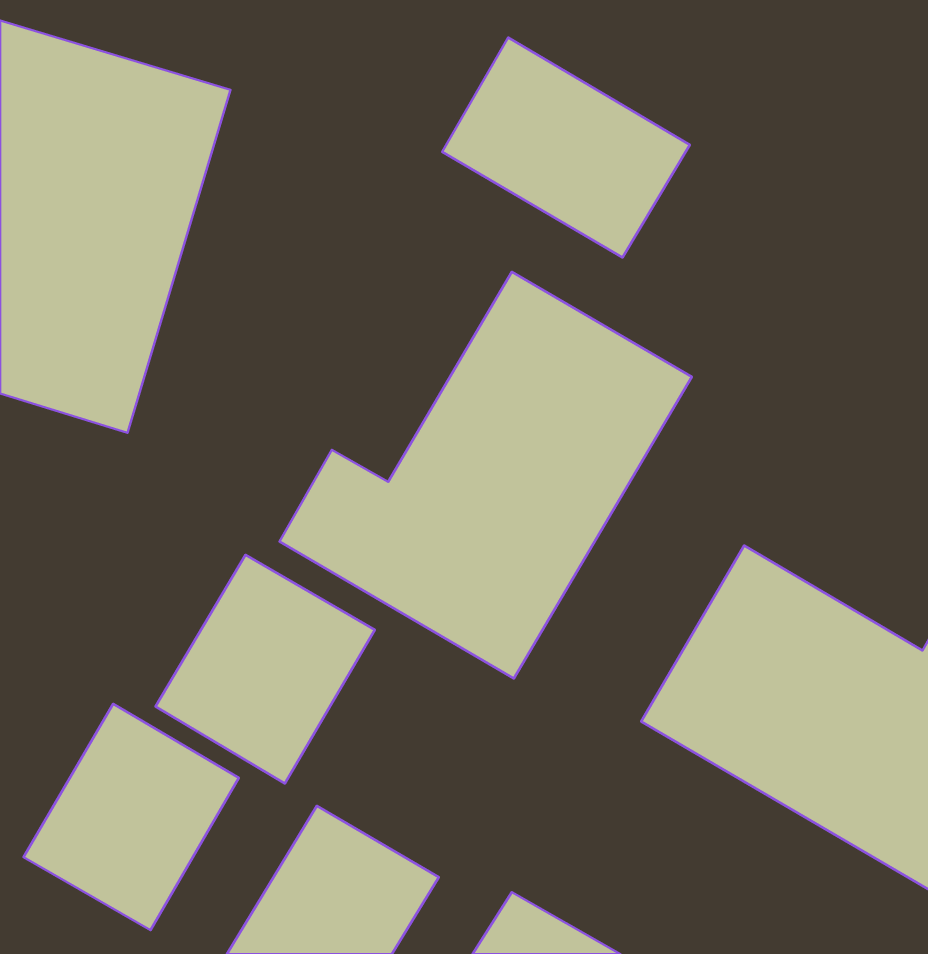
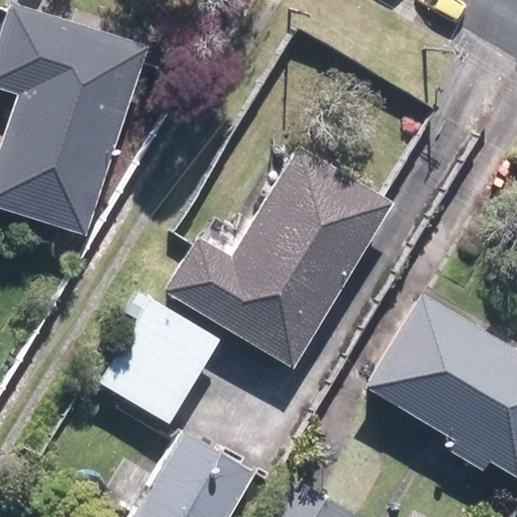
building: [442,38,690,257] -> none
building: [24,704,239,930] -> none

